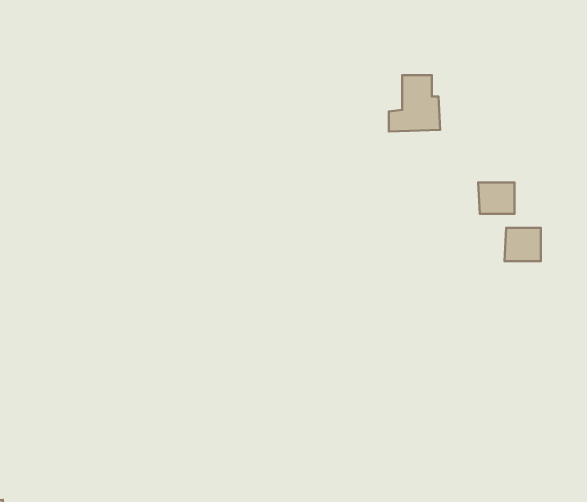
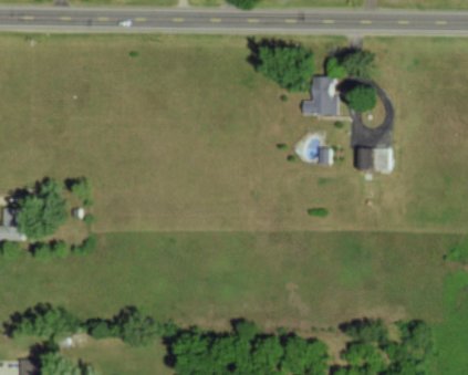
building: [504,228,541,261] -> none

